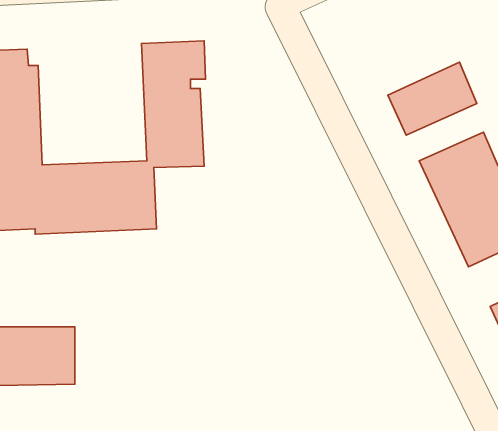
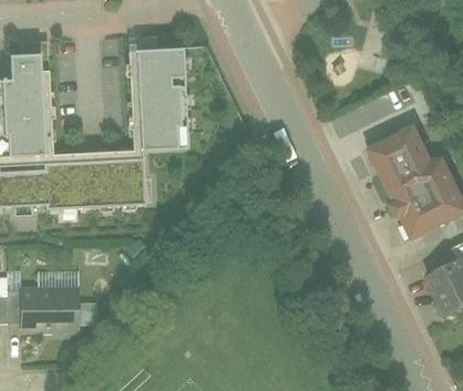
building: [388,62,477,135] -> none

